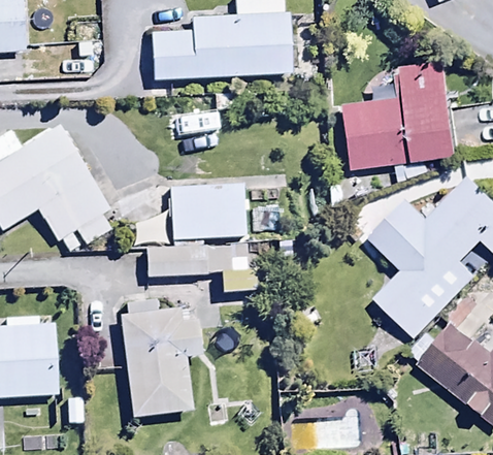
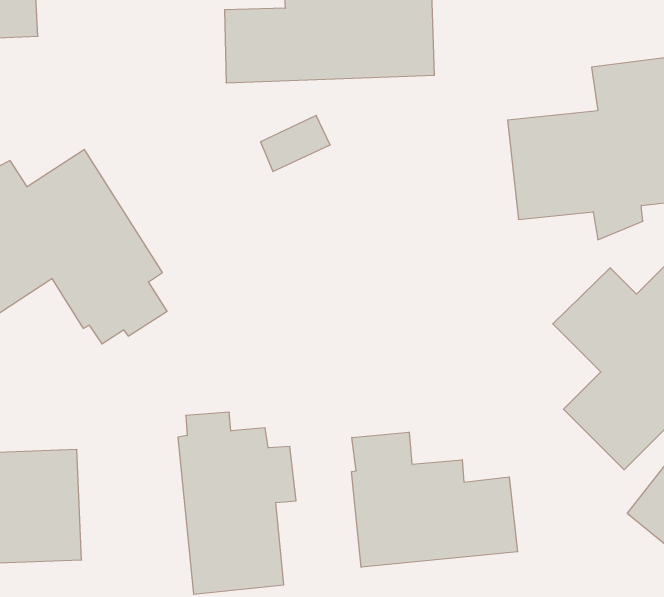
building: [143,184,257,308] -> none
building: none -> [352,432,518,567]

